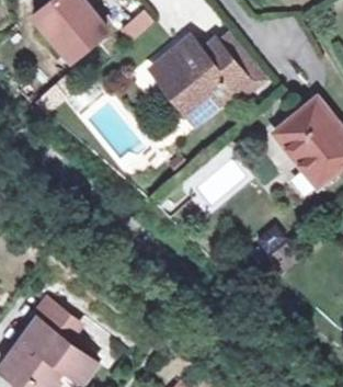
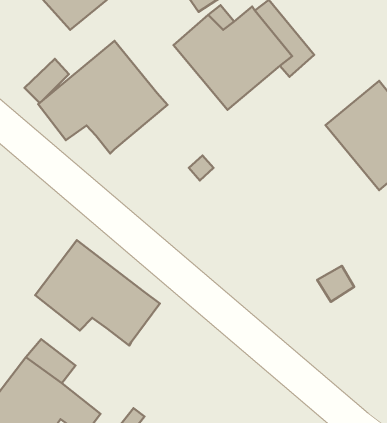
building: none -> [38,41,167,153]
building: none -> [35,240,160,346]

